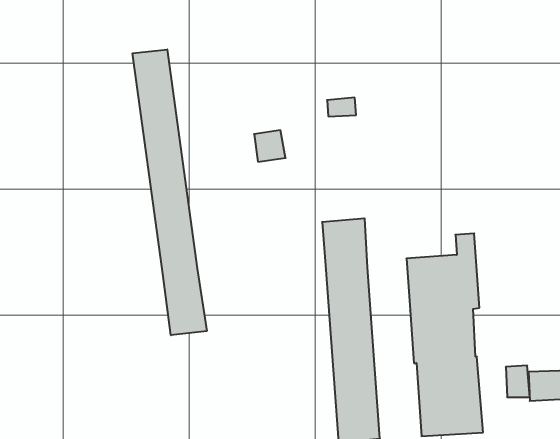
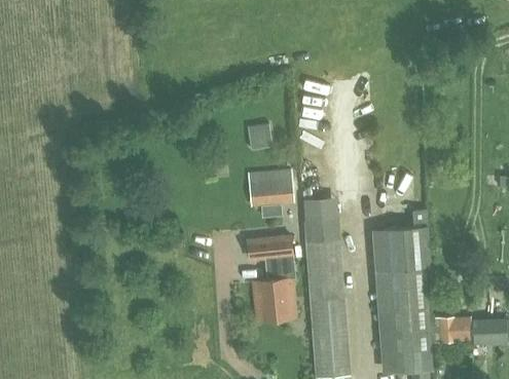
building: [133,49,207,335] -> none
building: none -> [247,168,294,207]
building: none -> [246,235,295,321]

